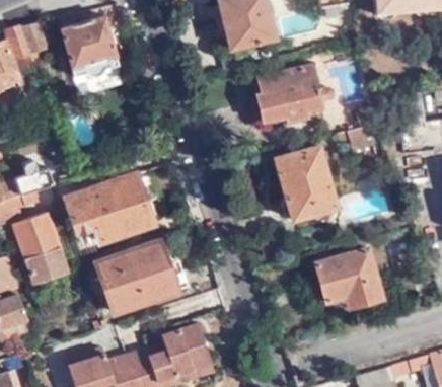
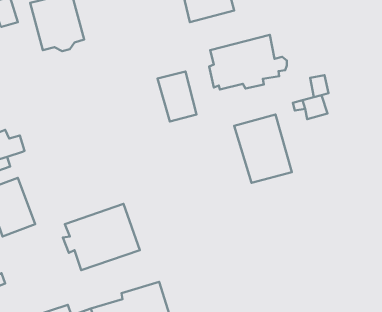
building: none -> [158,71,197,122]
building: [58,175,151,242] -> none
building: [316,250,385,308] -> none

